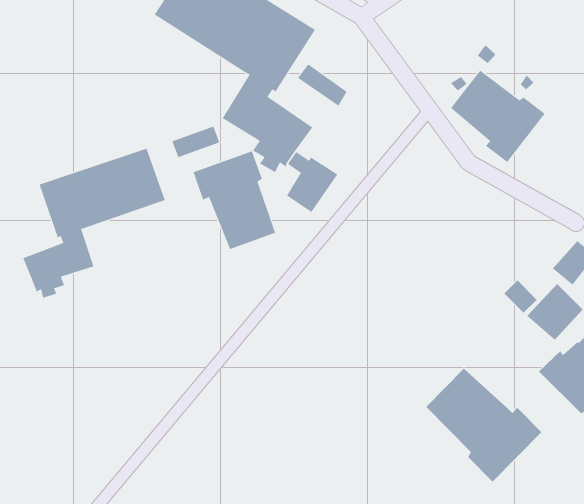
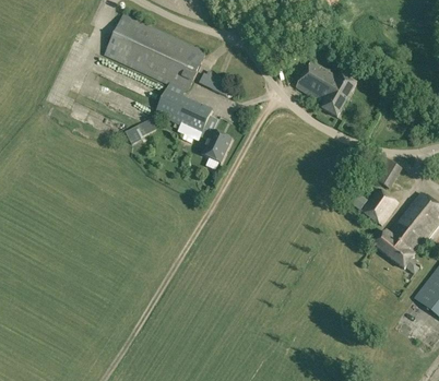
building: [23,148,166,298] -> none
building: [193,150,276,250] -> none
building: [425,368,542,482] -> none

